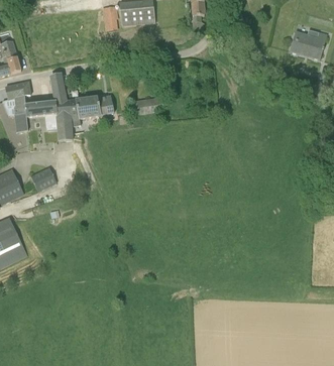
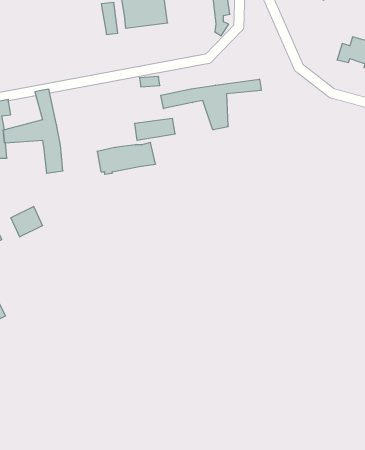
building: none -> [161,79,261,130]
building: [67,95,113,120] -> [97,142,156,174]

